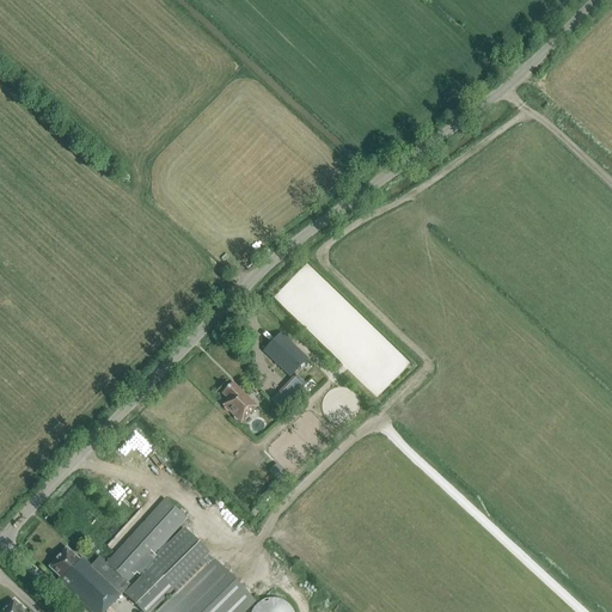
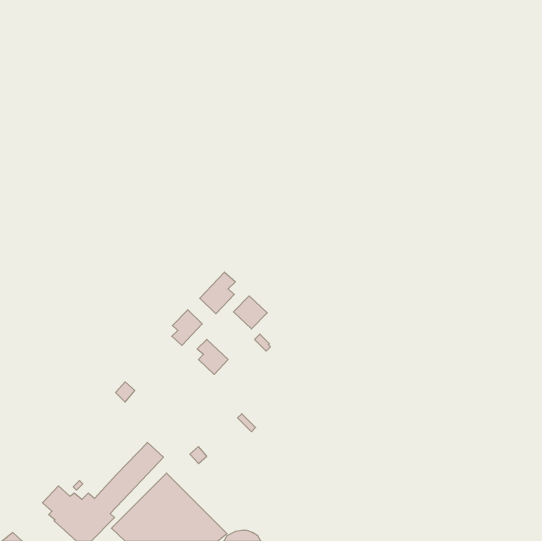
building: none -> [200,272,235,314]
building: none -> [172,310,202,345]

